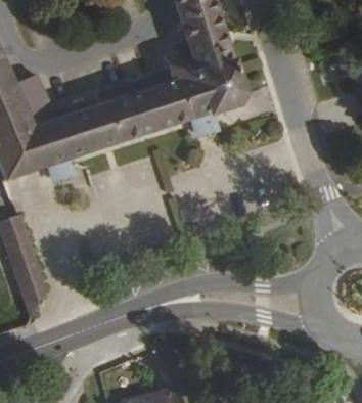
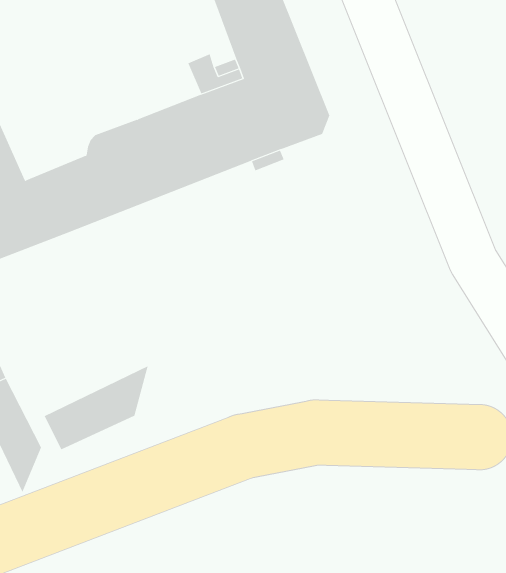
building: none -> [44,365,149,450]

